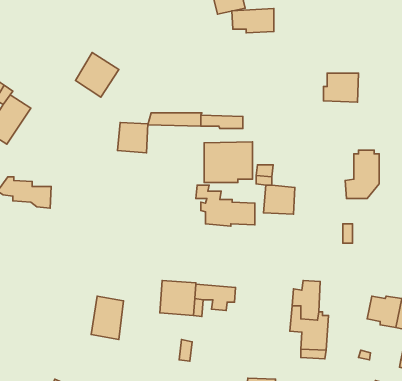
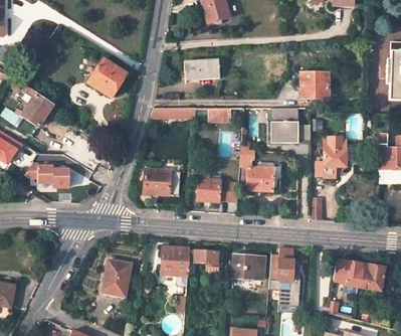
building: [232,9,274,33] -> [184,60,219,80]
building: [118,123,148,153] -> [144,170,169,195]
building: [204,142,252,183] -> [269,109,310,143]
building: none -> [233,256,264,280]

